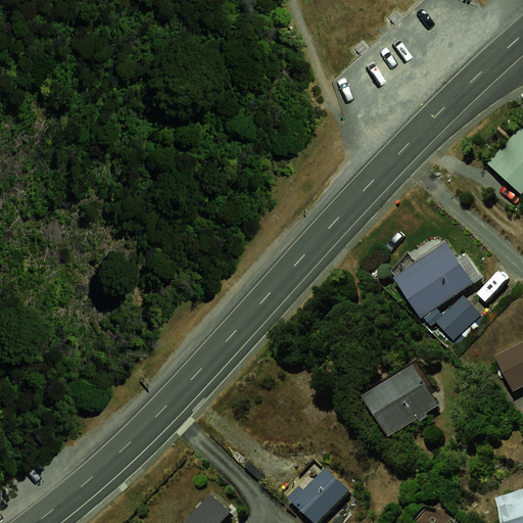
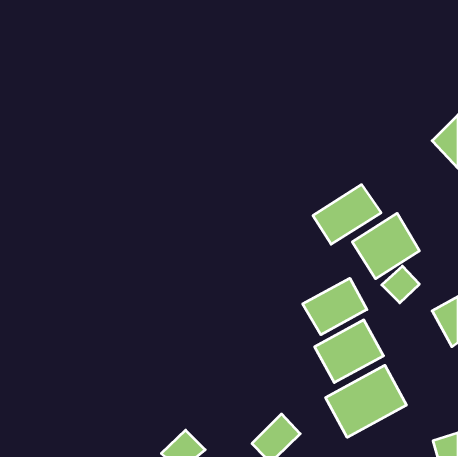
building: none -> [313,185,381,244]
building: none -> [303,278,367,335]
building: none -> [326,365,406,437]

